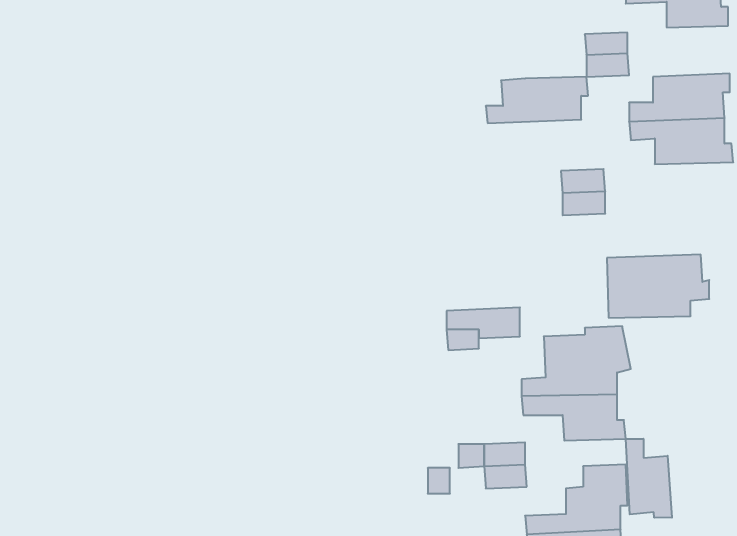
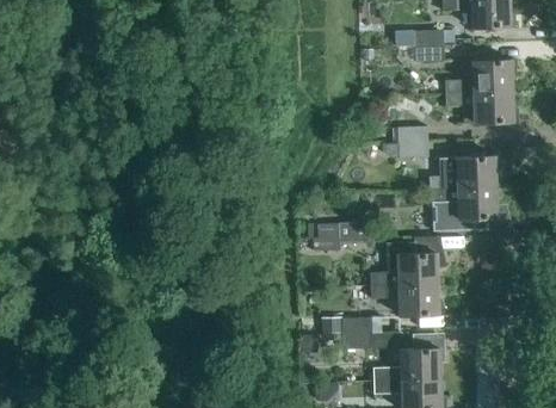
building: [486,77,588,123] -> [428,156,500,188]
building: [626,439,672,518] -> none

